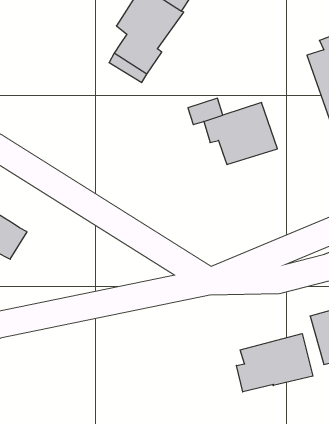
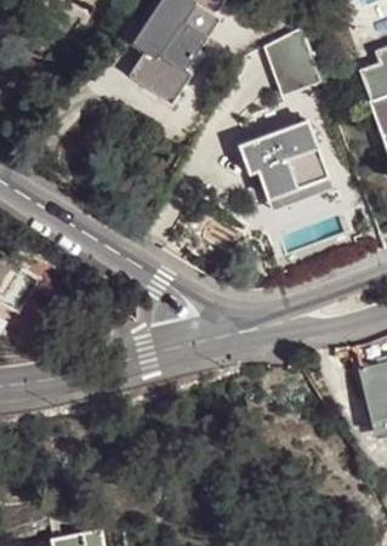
building: none -> [261,30,319,97]
building: [236,334,313,392] -> none

